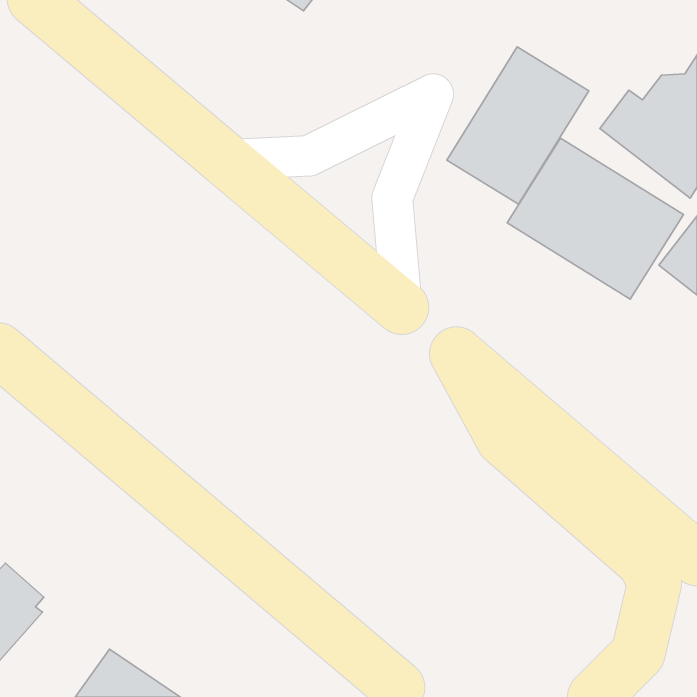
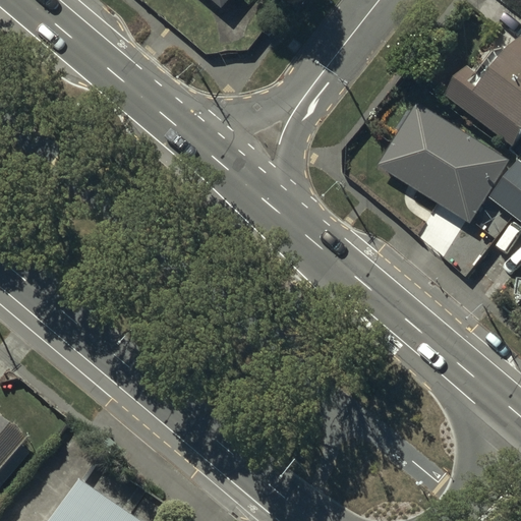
building: [447,47,589,204] -> none

